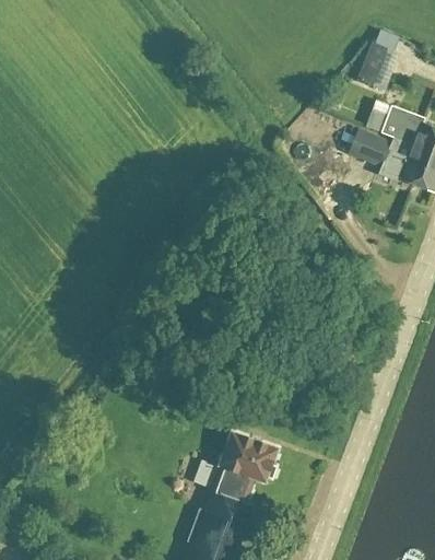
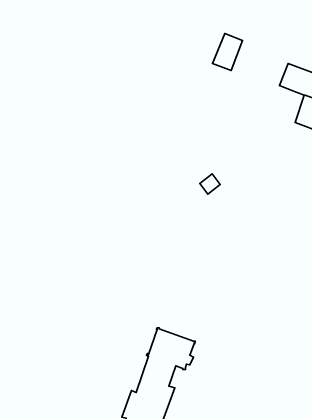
building: [357,43,395,89] -> [212,33,243,71]
building: [348,129,392,168] -> none

